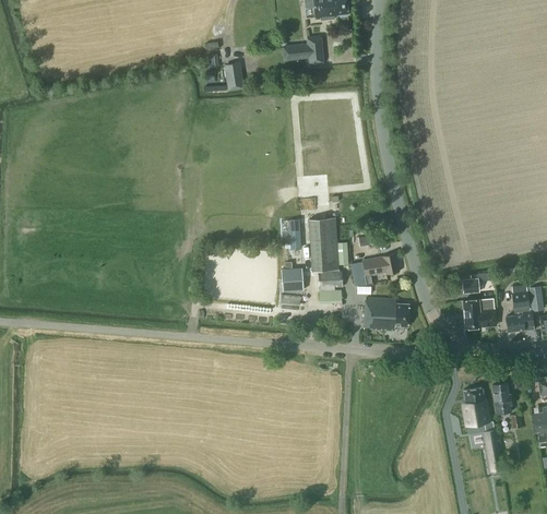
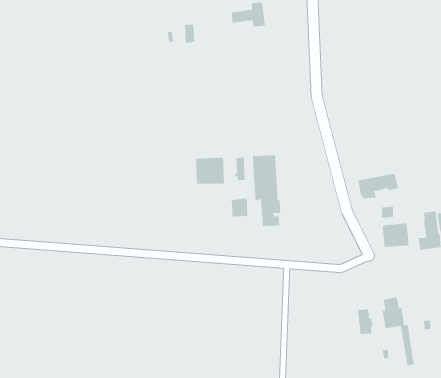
building: none -> [195,157,225,185]
building: [349,253,399,284] -> [357,173,399,199]
building: [362,298,407,331] -> none
building: [491,383,511,414] -> [357,309,374,335]

